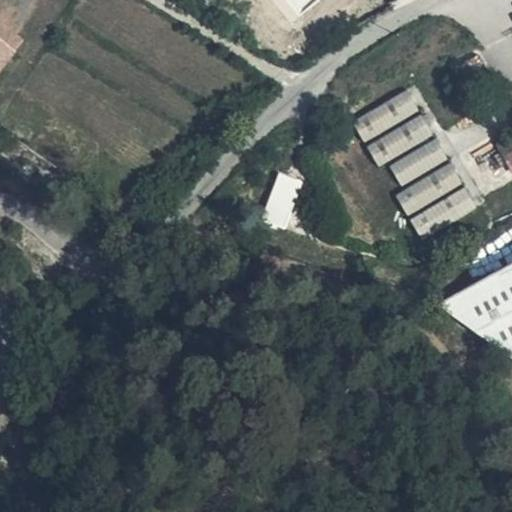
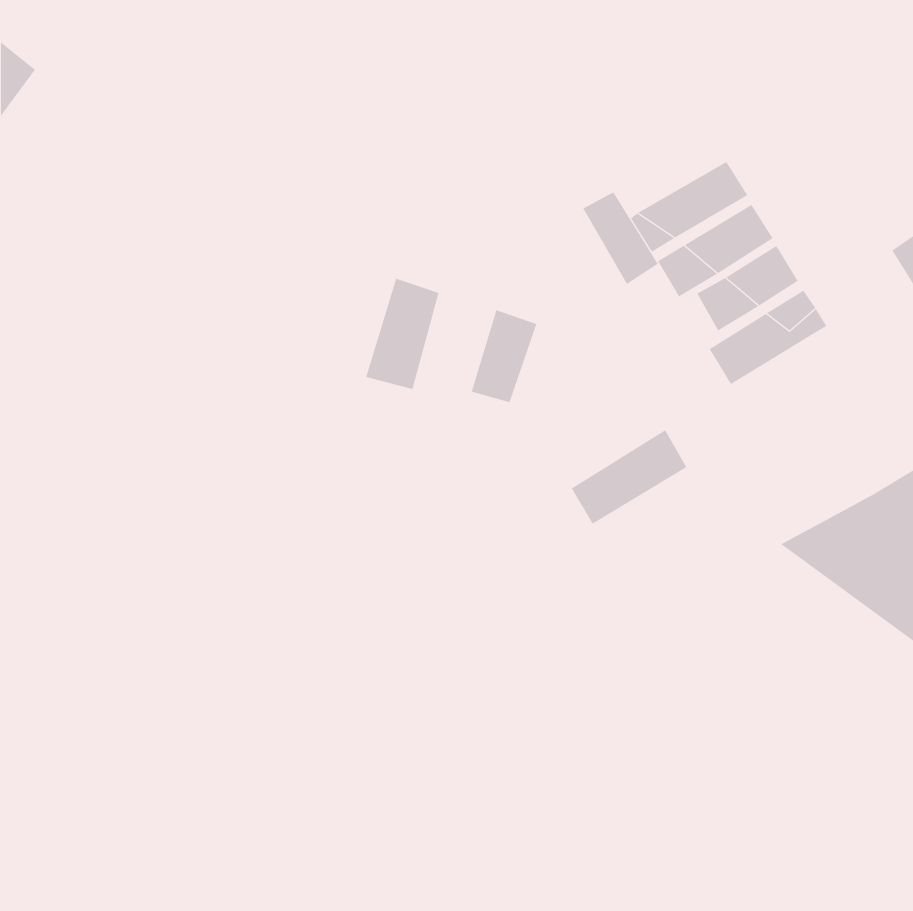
building: none -> [582,192,659,285]
building: none -> [366,278,439,390]
building: [412,186,477,239] -> [571,429,687,524]

